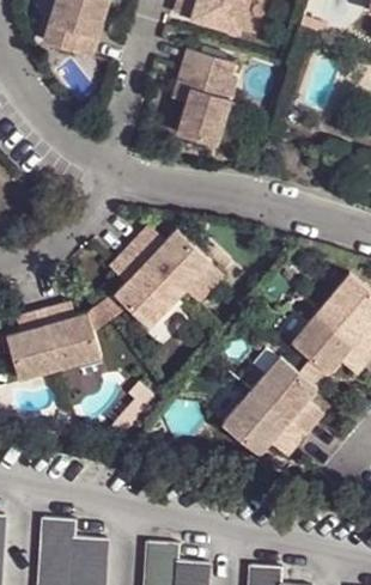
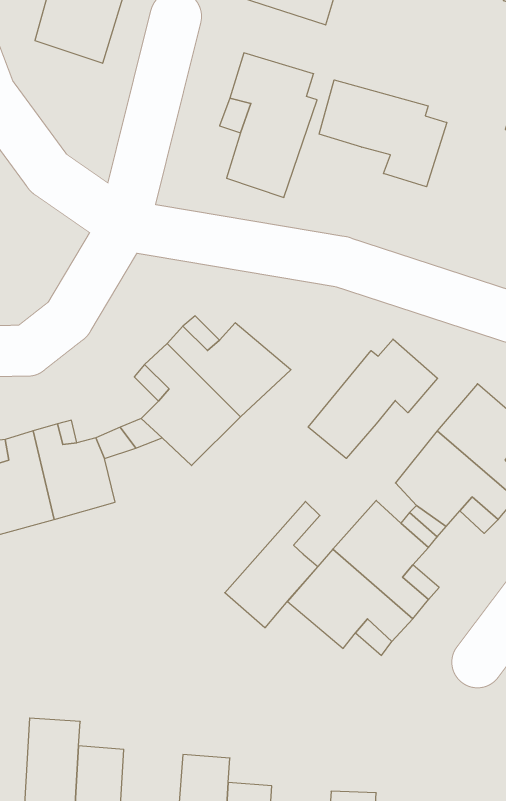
building: none -> [319,80,447,187]
building: none -> [308,339,438,458]
building: none -> [225,501,320,628]

